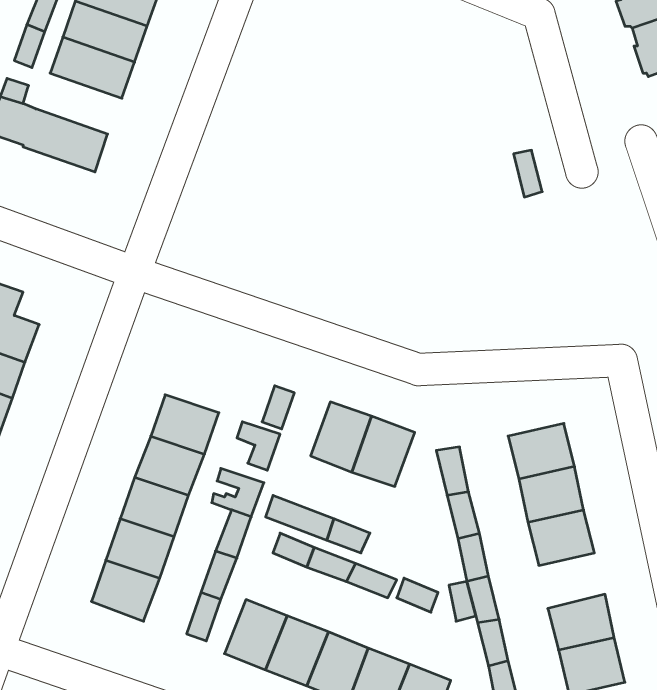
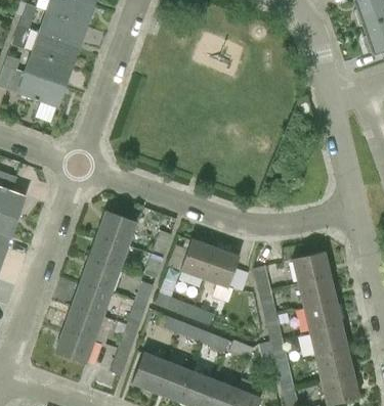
building: none -> [24,52,73,87]
building: none -> [97,211,136,245]
building: none -> [310,325,348,357]

